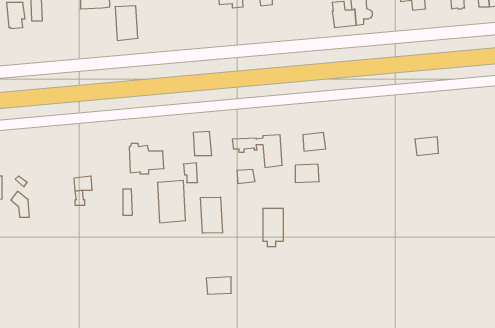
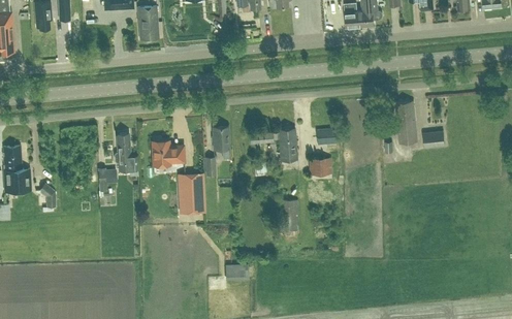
building: none -> [395,101,417,145]
building: none -> [114,133,139,176]
building: [201,197,223,233] -> none

